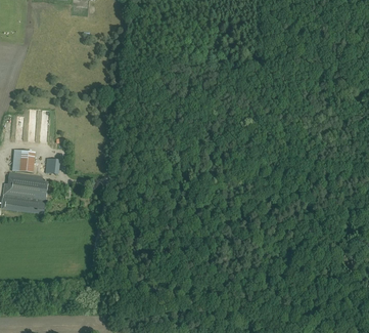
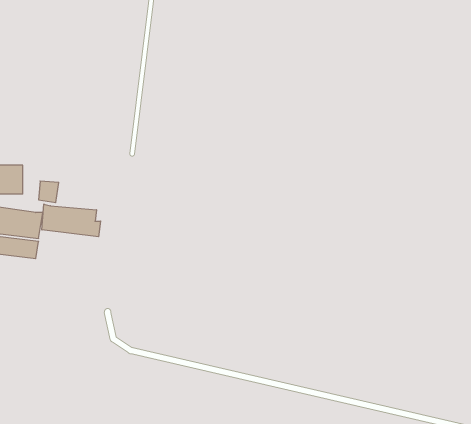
building: none -> [42,204,101,237]

